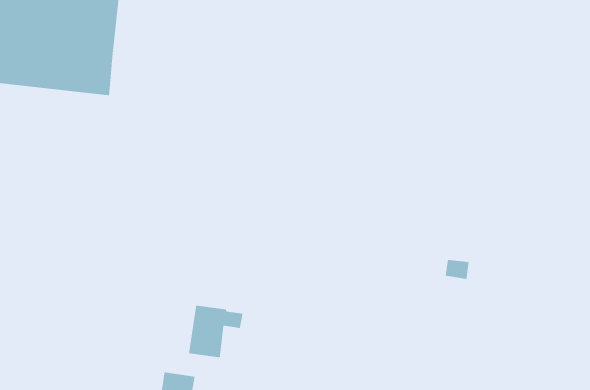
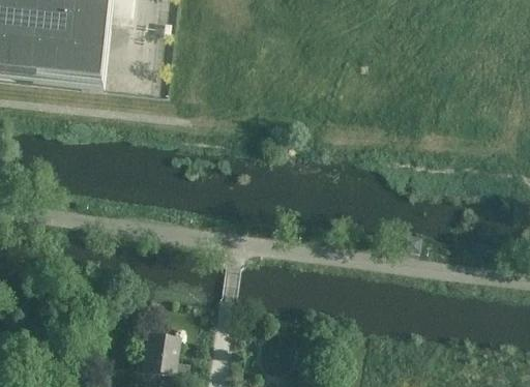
building: [189,305,243,358] -> none

